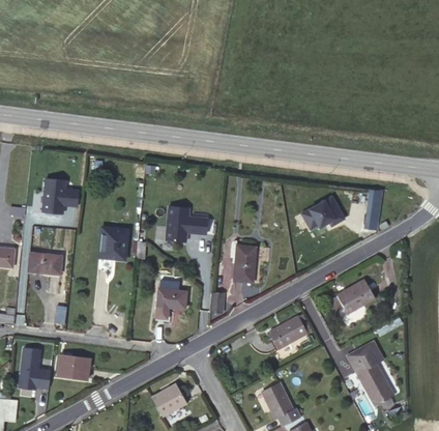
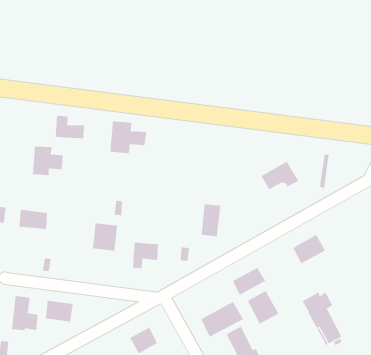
building: none -> [55,115,85,139]
building: [165,205,207,242] -> [109,121,147,154]
building: [99,226,128,258] -> [92,223,118,251]
building: none -> [247,290,279,324]
building: none -> [201,301,244,338]

